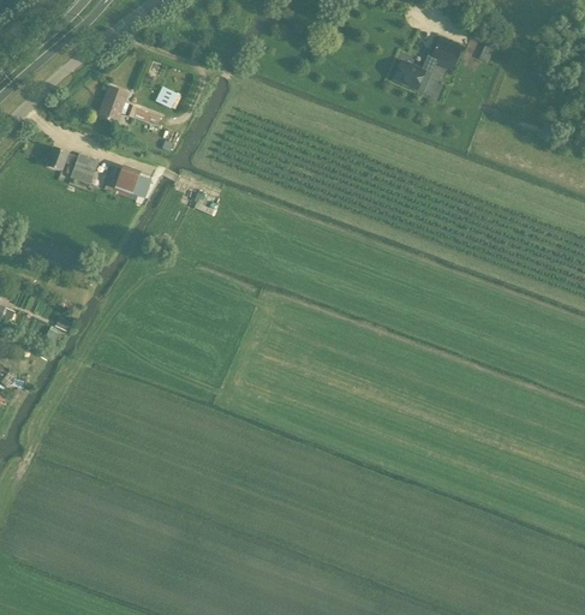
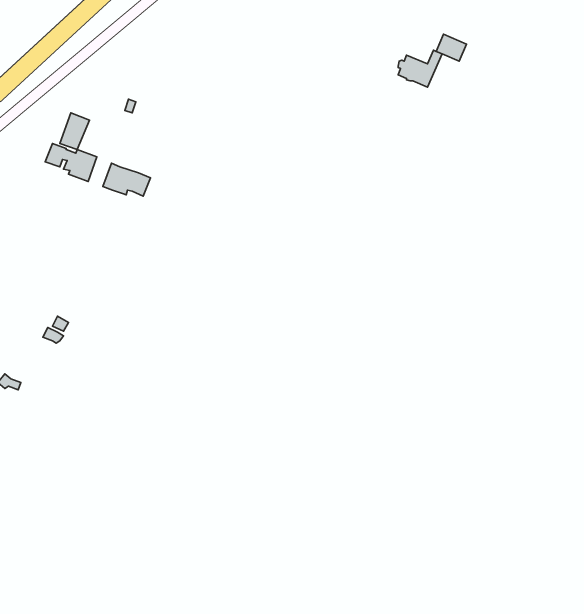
building: [100,85,129,121] -> [60,113,89,150]

